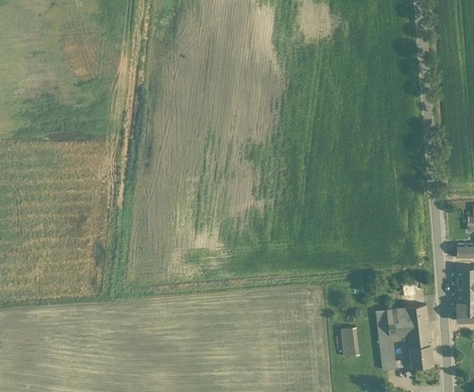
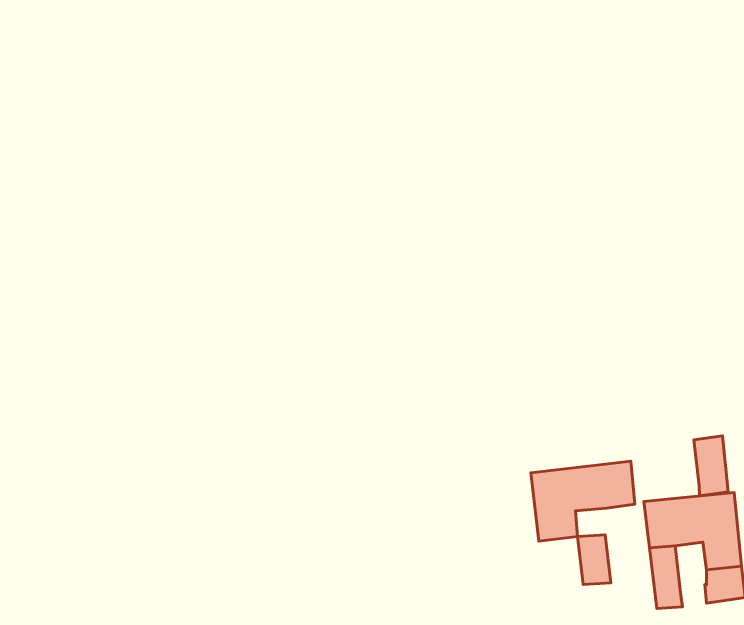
building: none -> [694,436,728,496]
building: none -> [531,461,635,541]

